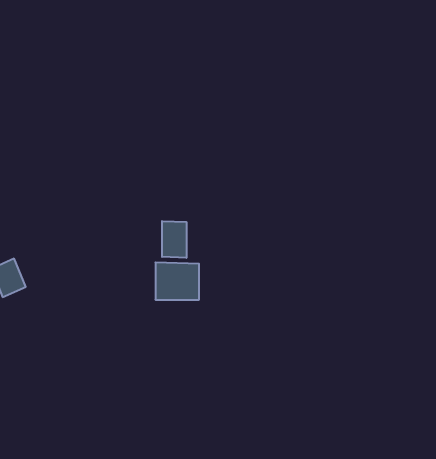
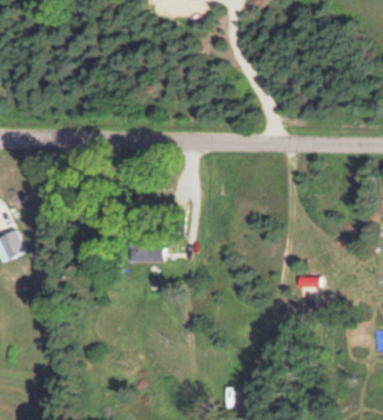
building: [162,221,186,258] -> none

